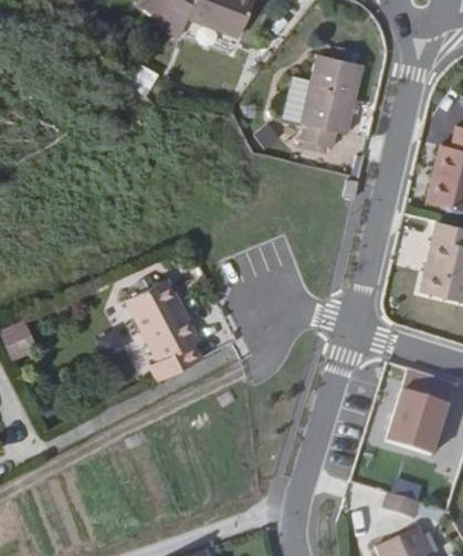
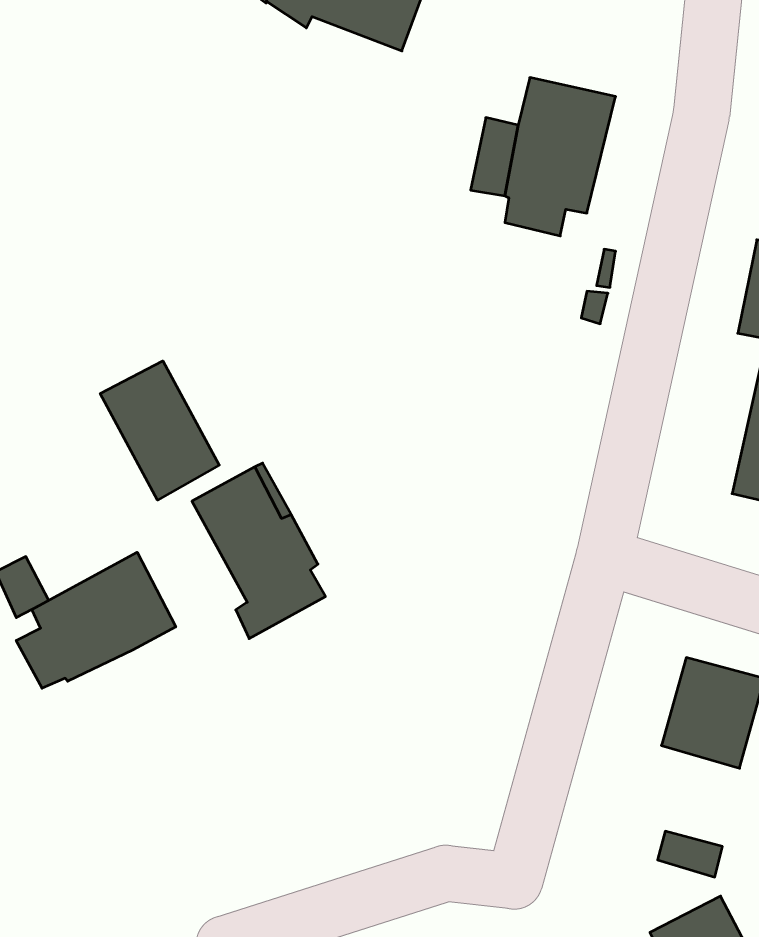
building: none -> [100,361,219,500]
building: none -> [16,552,176,688]

